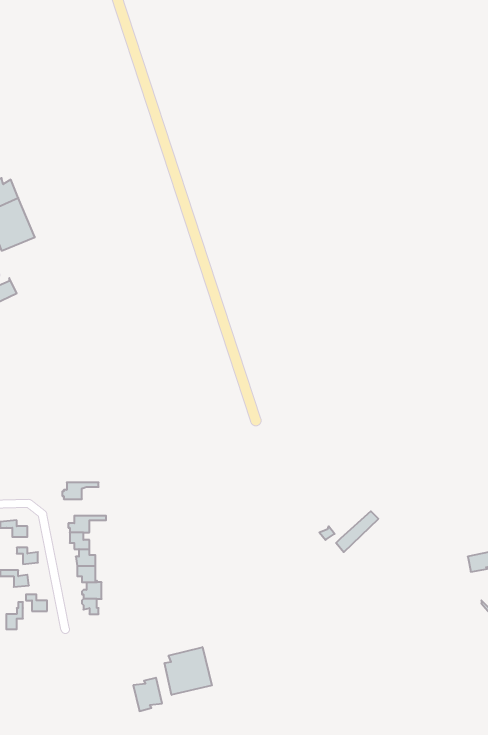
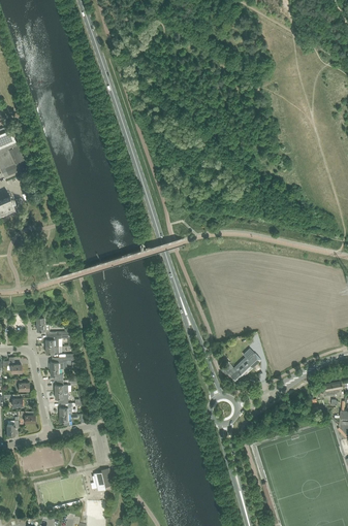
building: [165,647,212,695] -> none

